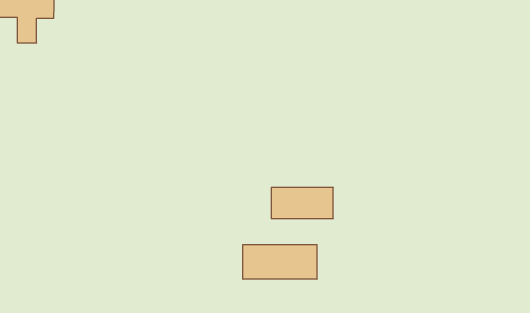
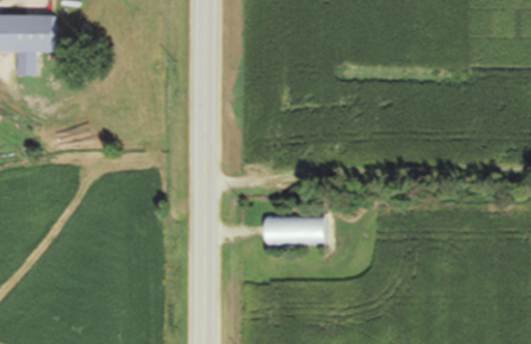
building: [243,245,317,279] -> none

